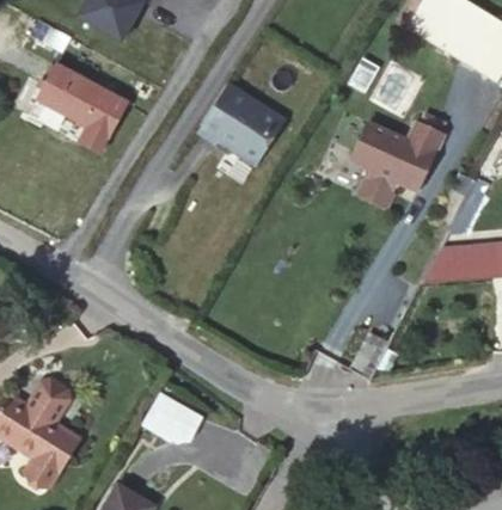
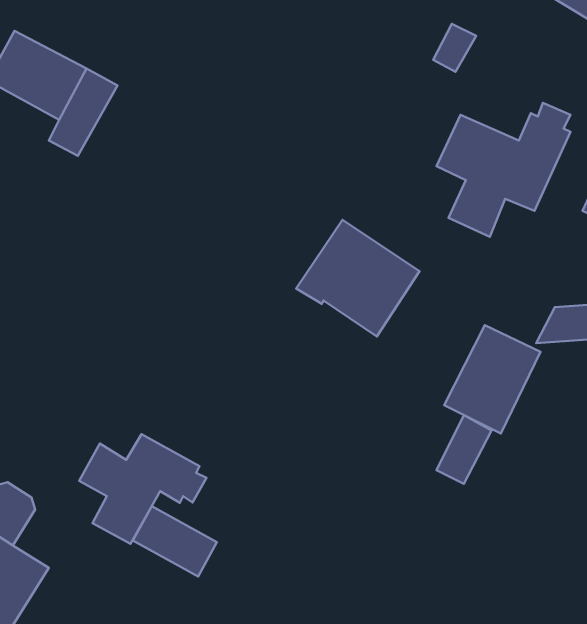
building: [201,87,287,168] -> [296,220,420,336]
building: none -> [444,325,540,433]
building: none -> [79,434,207,544]

